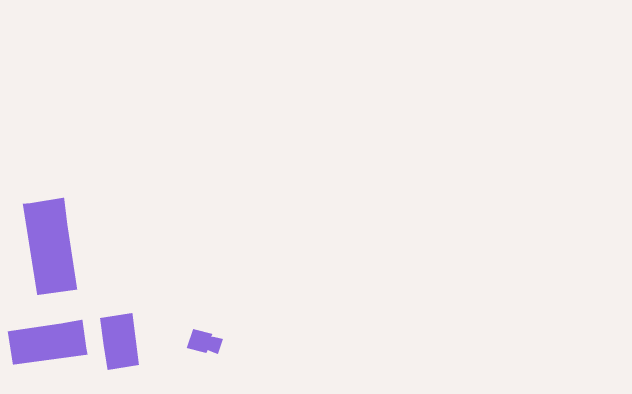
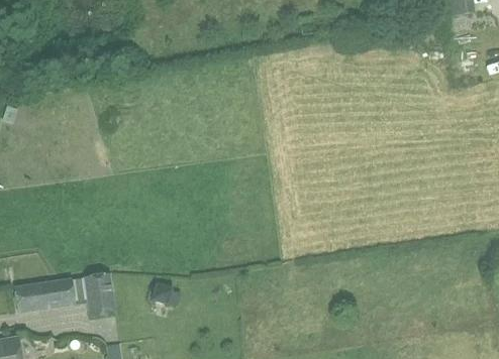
building: [22,197,78,296] -> none

